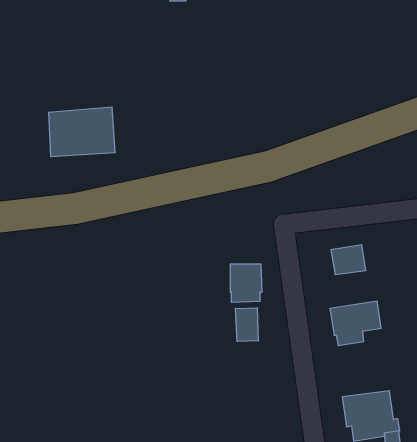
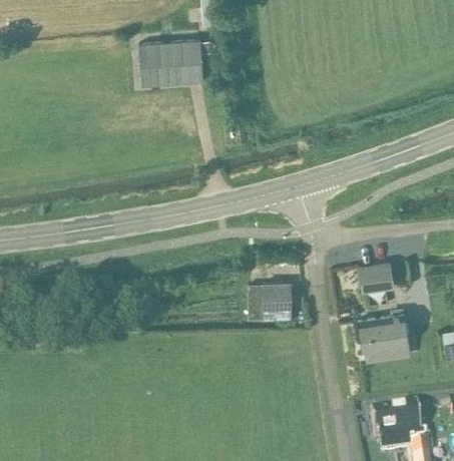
building: [48,107,115,157] -> [138,39,203,87]
building: [235,308,258,342] -> none

